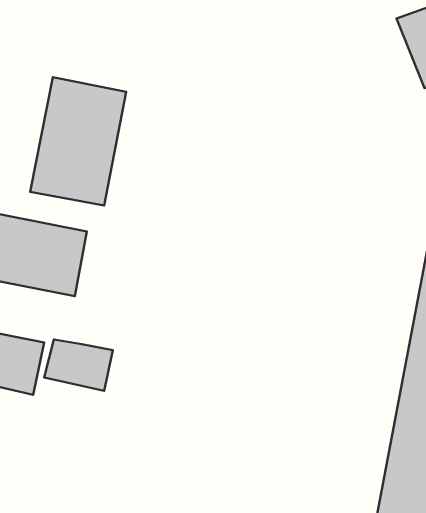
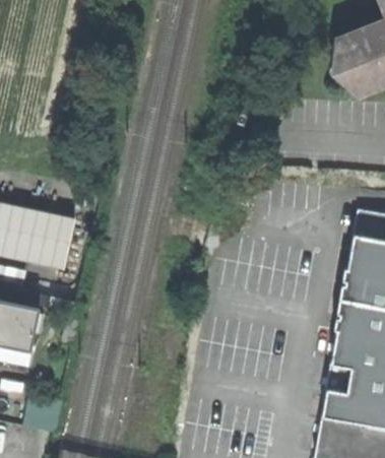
building: [30,77,126,205] -> none
building: [44,339,113,391] -> none

